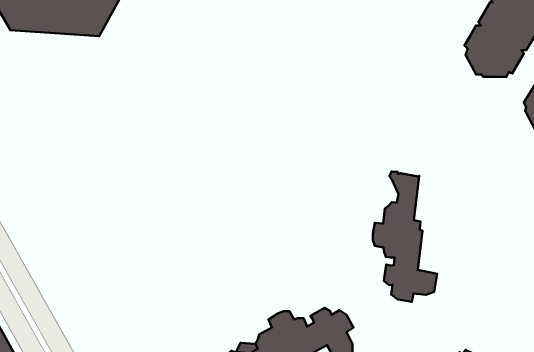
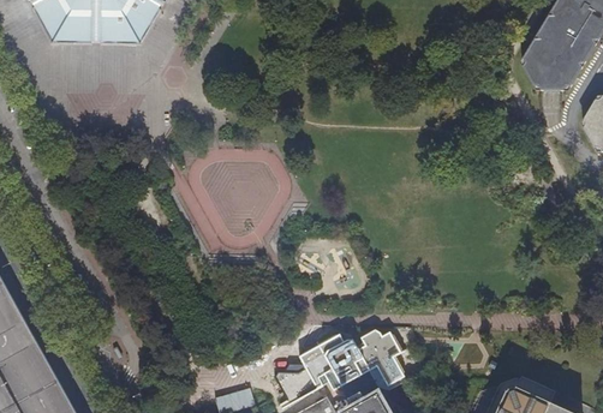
building: [373,171,437,302] -> none

